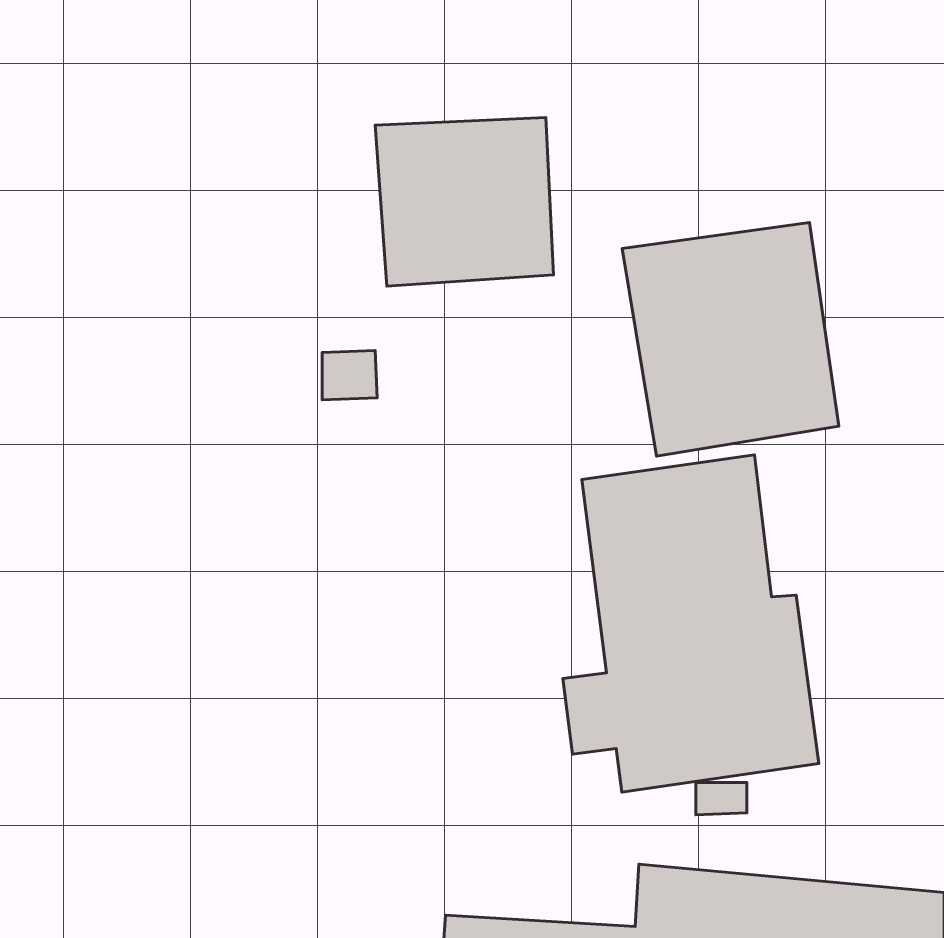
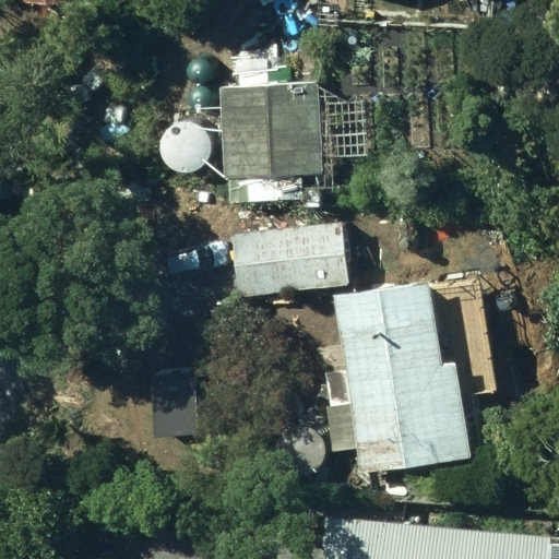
building: [622,222,839,456] -> none
building: none -> [228,225,347,300]

